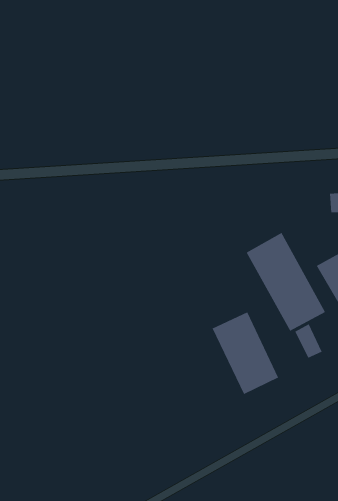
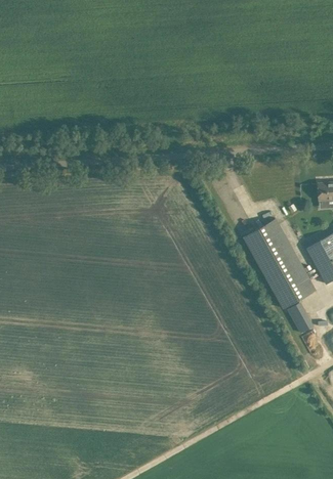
building: [212,312,279,395] -> none

